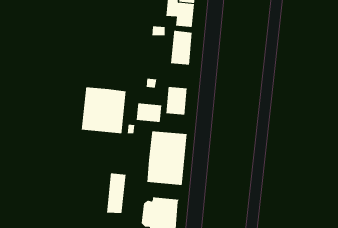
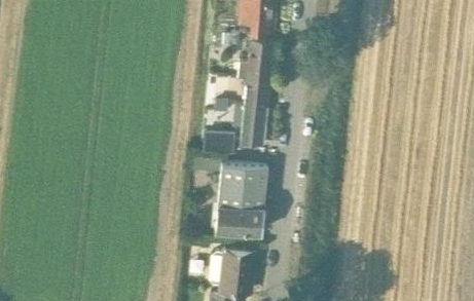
building: none -> [242,81,269,112]
building: [81,87,126,134] -> none
building: [107,172,126,214] -> none

